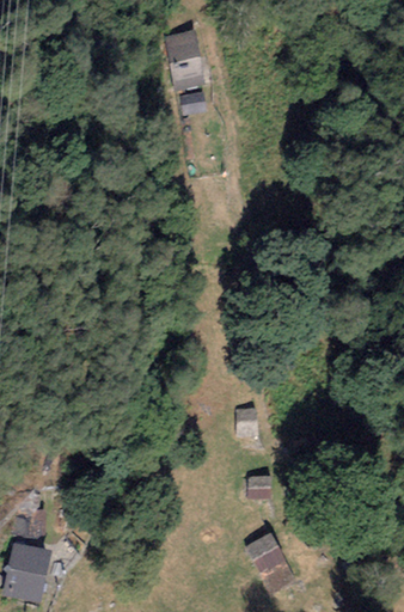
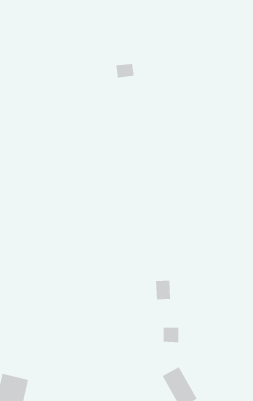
building: [164,31,204,92] -> none

